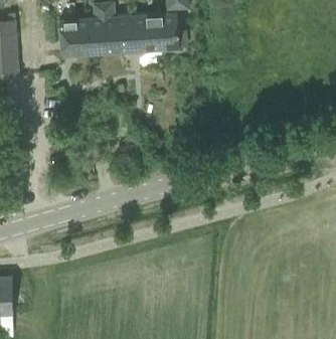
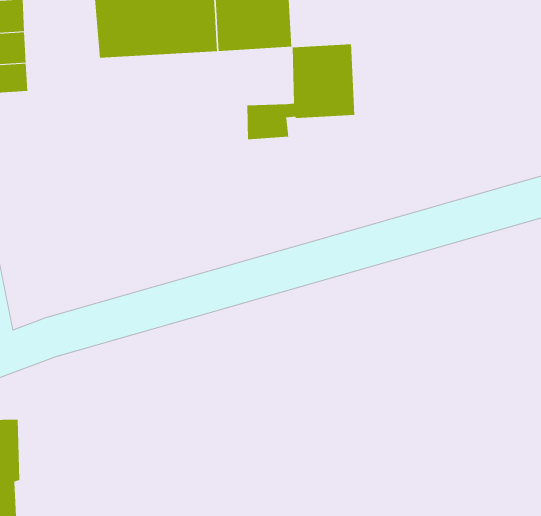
building: none -> [247,43,355,140]

